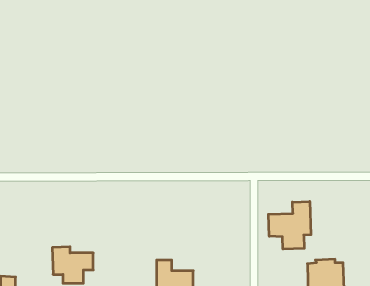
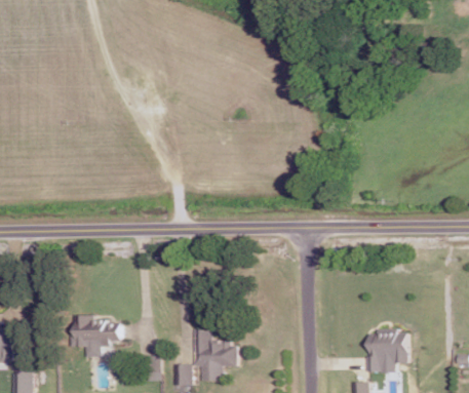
building: [268,201,311,249] -> none

